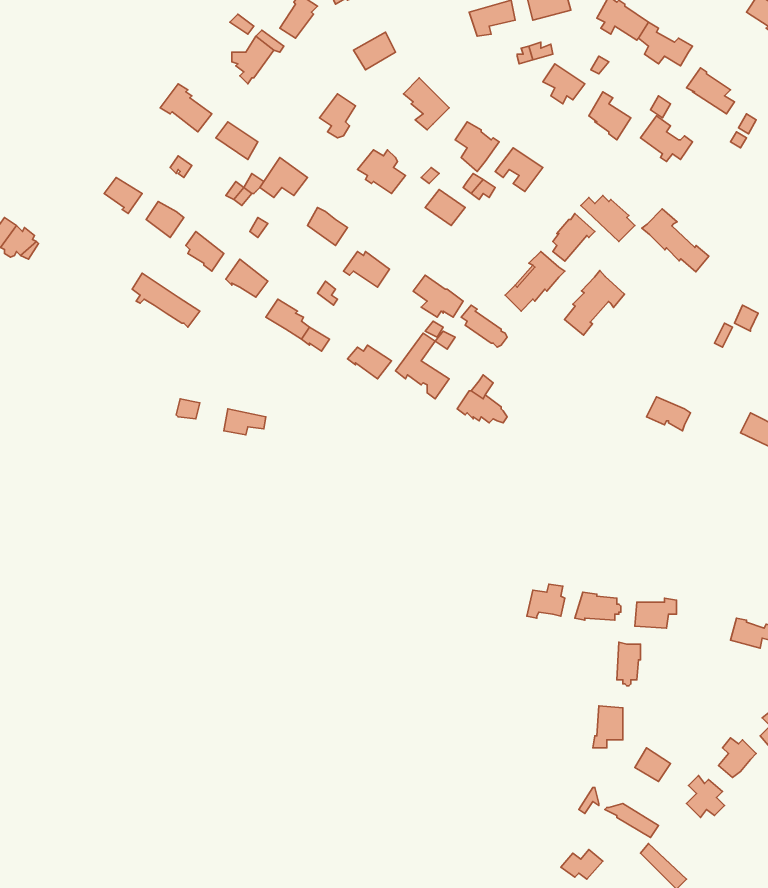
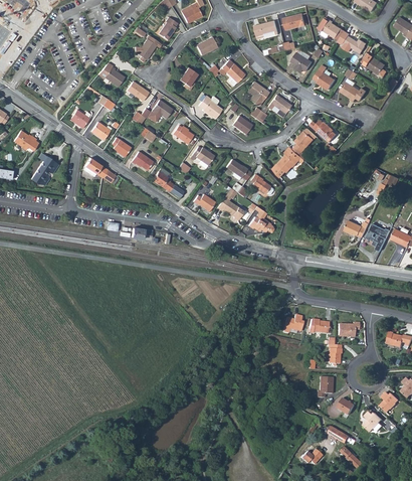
building: [642,209,709,272] -> none
building: none -> [30,156,58,185]
building: [564,270,624,335] -> none
building: none -> [366,223,391,252]

